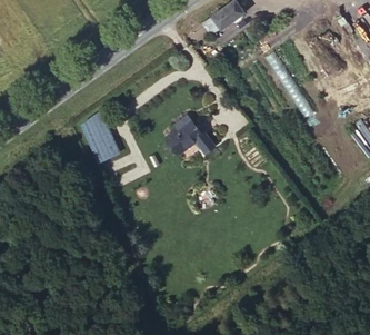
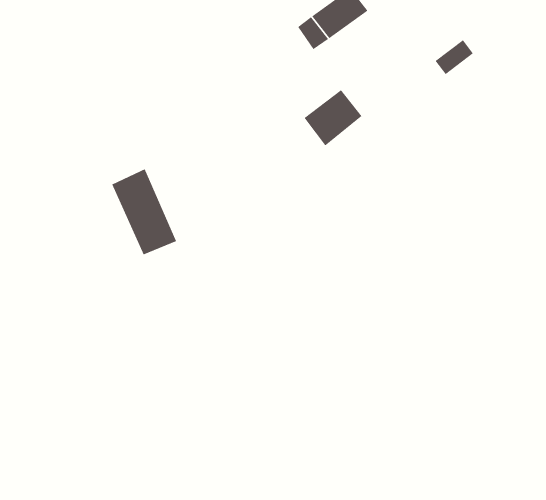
building: [173,121,210,157] -> [304,89,363,146]

